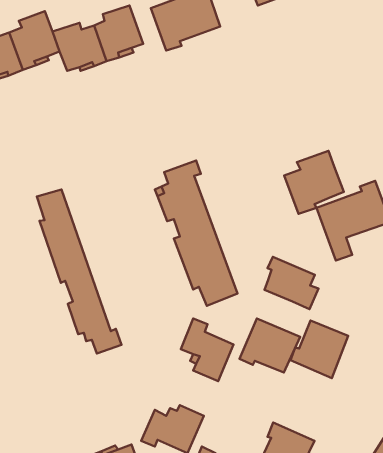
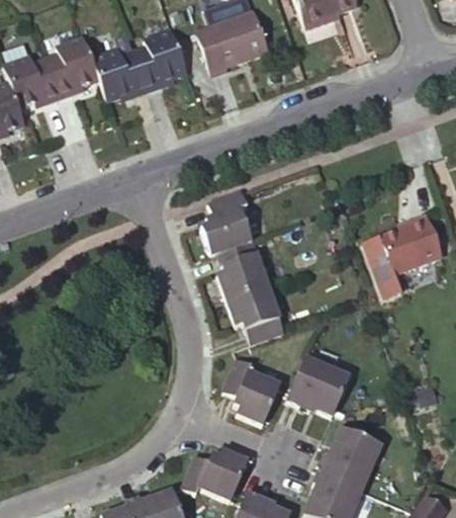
building: [284,151,344,214] -> none
building: [37,189,122,353] -> none
building: [265,257,319,309] -> none
building: [290,321,348,378] -> [322,426,382,487]

